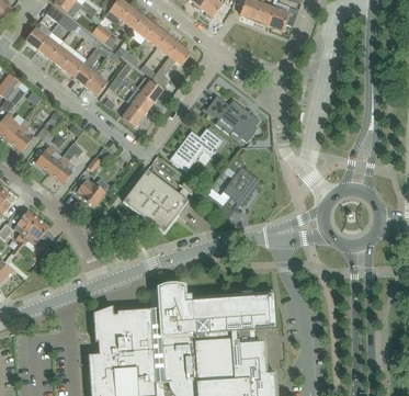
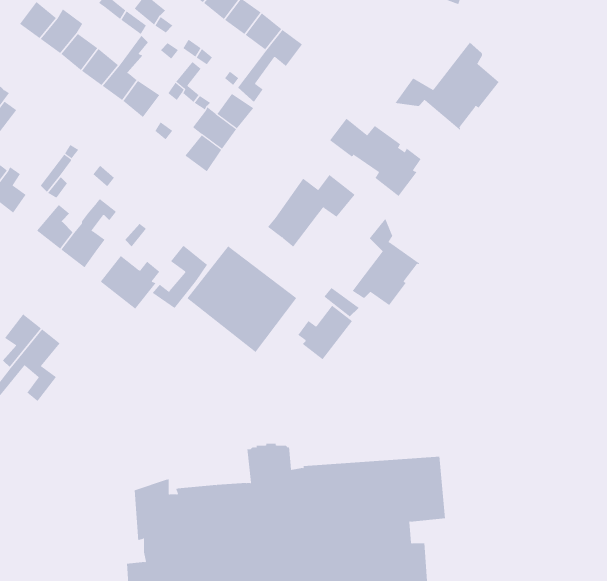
building: none -> [394,42,500,132]
building: none -> [152,245,208,309]
building: none -> [297,305,353,360]

